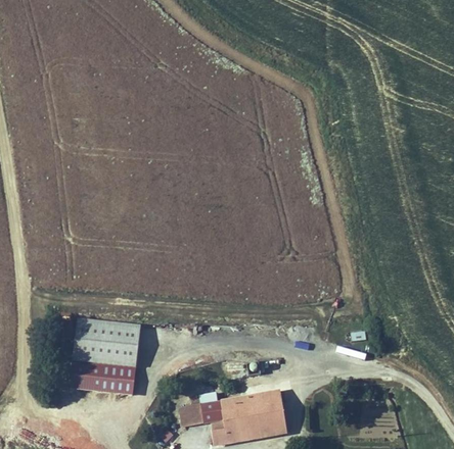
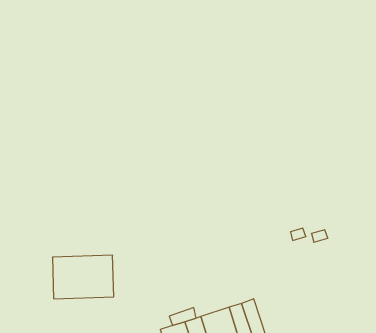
building: [70,360,135,394] -> none

